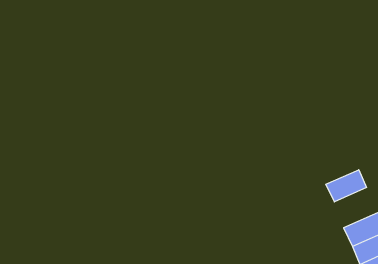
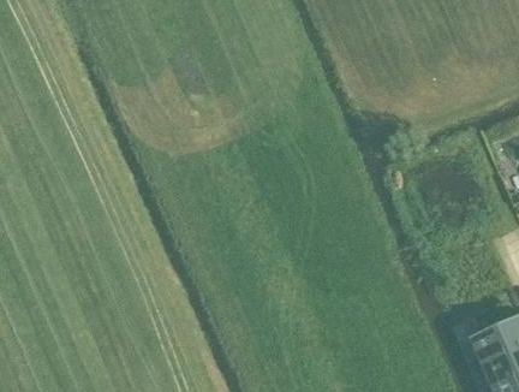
building: [326,170,366,202] -> none

